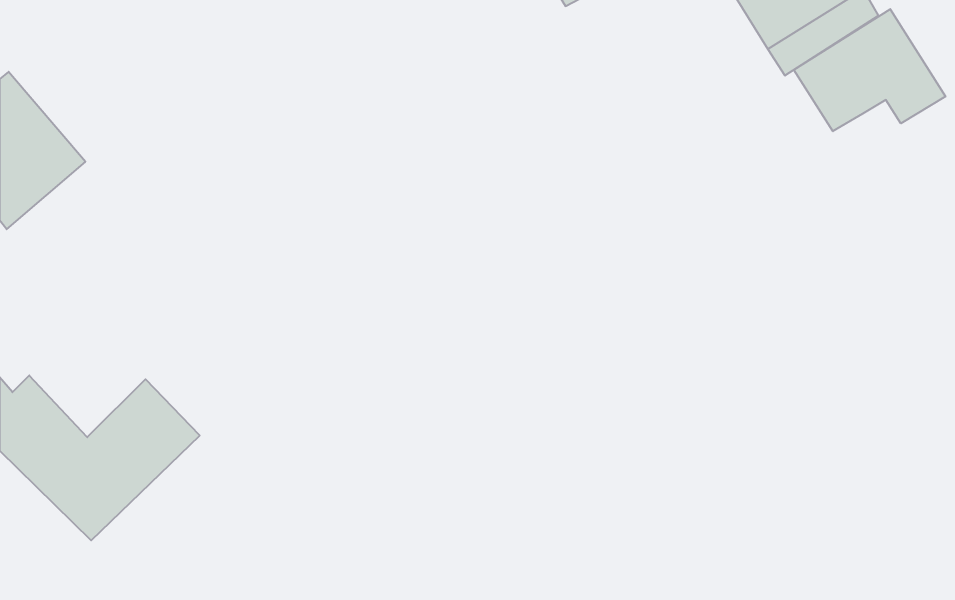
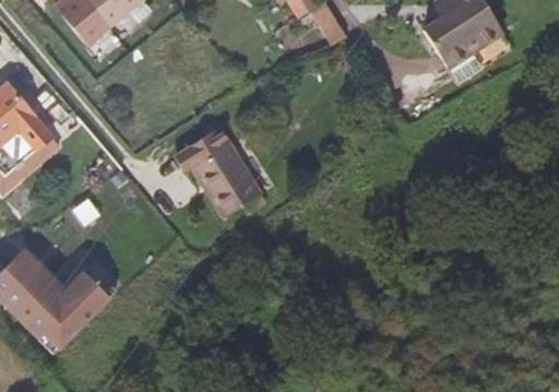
building: [794,9,945,131] -> none
building: none -> [173,128,257,217]

